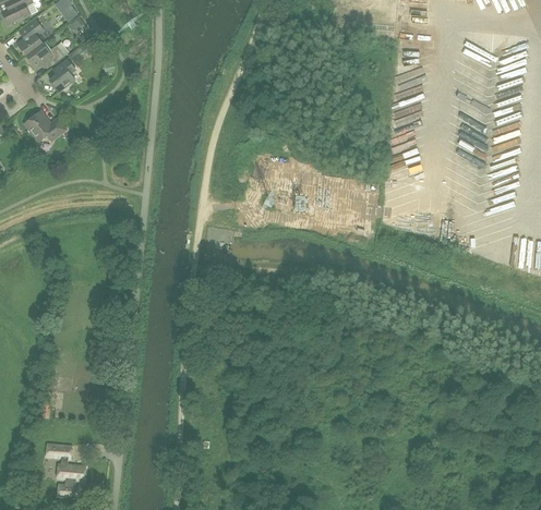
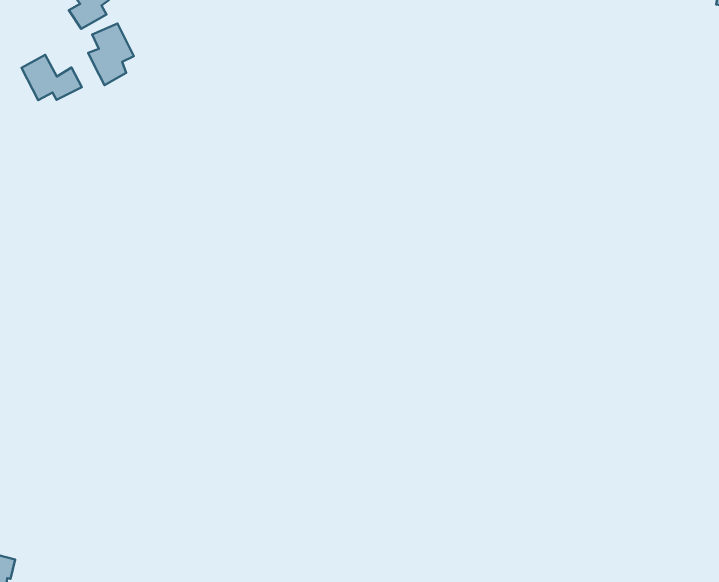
building: none -> [88,24,134,85]

